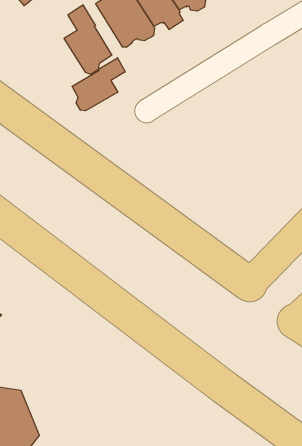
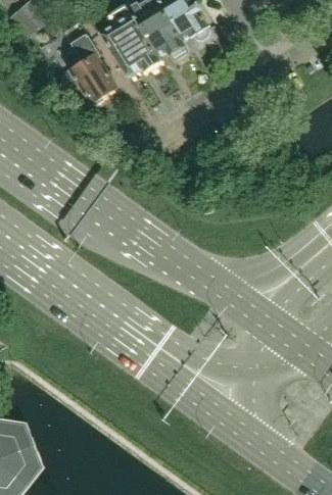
building: [72,58,125,111] -> none

